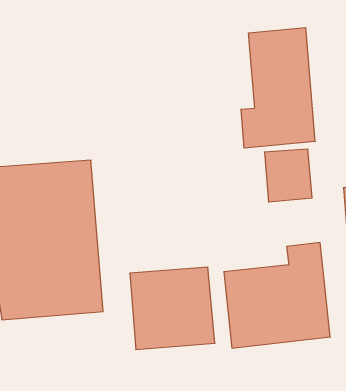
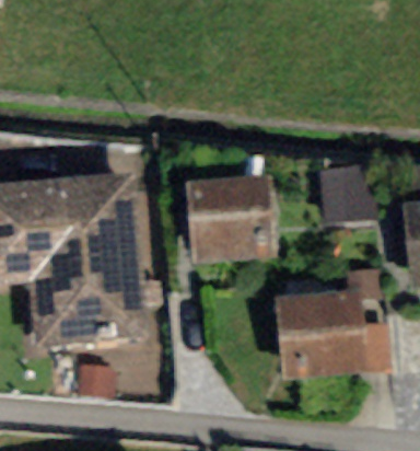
building: [241,28,315,148] -> none
building: [130,267,215,349] -> [186,174,278,263]

